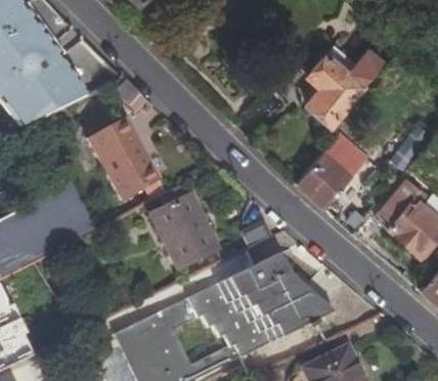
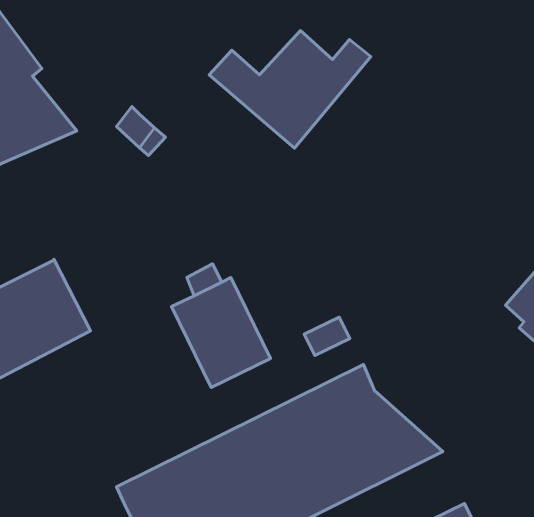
building: [274,46,383,125] -> [209,30,371,148]
building: [87,117,160,200] -> none
building: [296,132,369,207] -> none

